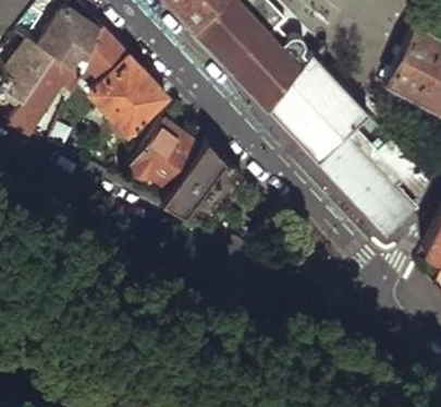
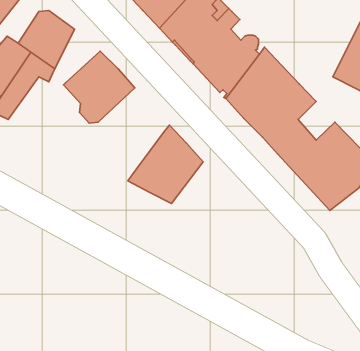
building: [77,31,130,94] -> none
building: [128,121,200,190] -> none

